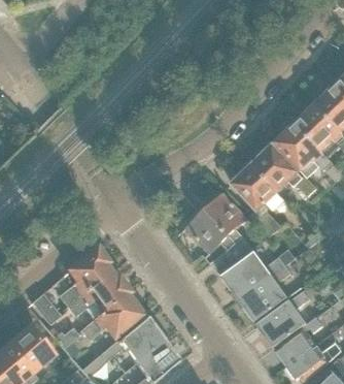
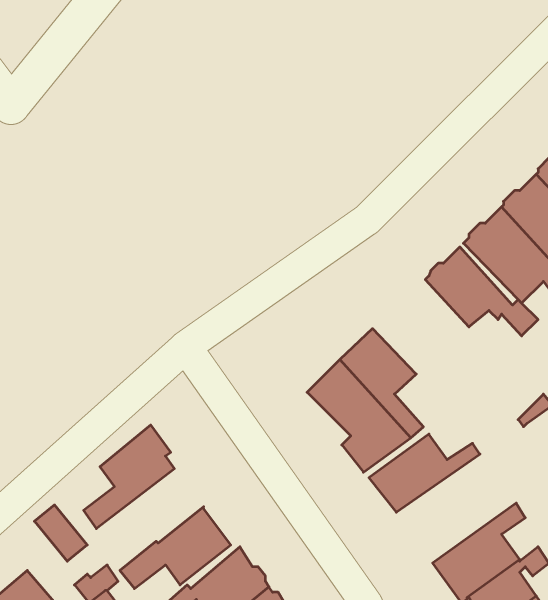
building: [232,163,282,234] -> none
building: [236,262,290,321] -> none
building: [66,270,130,315] -> none

